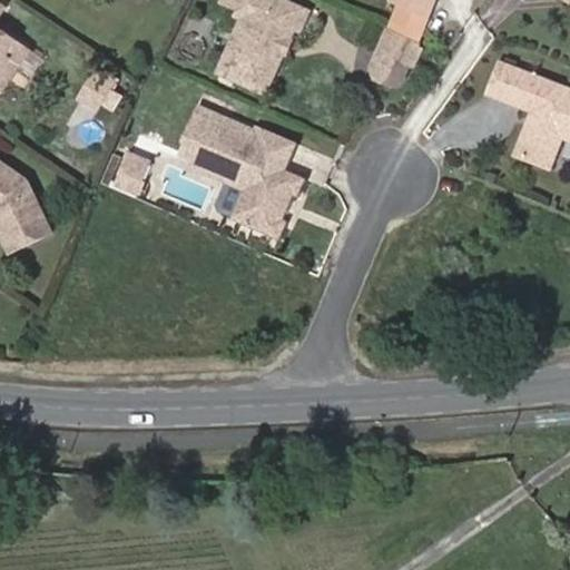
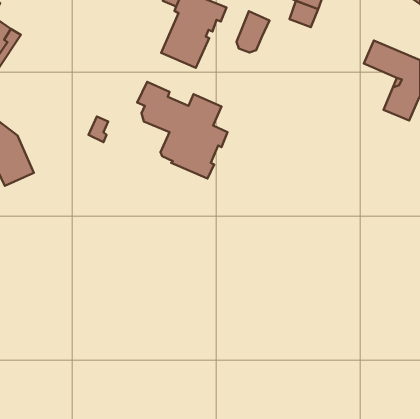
building: [373,28,417,83] -> [236,11,270,53]

